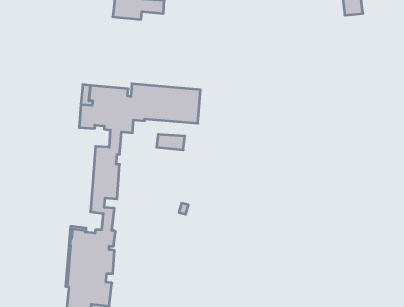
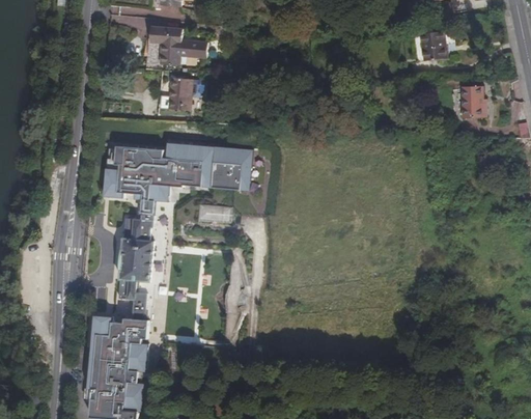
building: none -> [169,78,192,109]
building: none -> [462,85,482,117]

